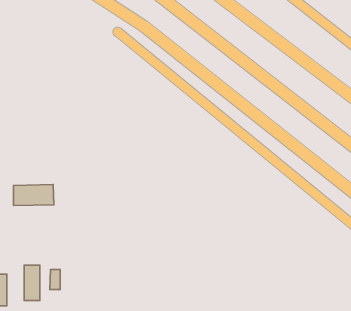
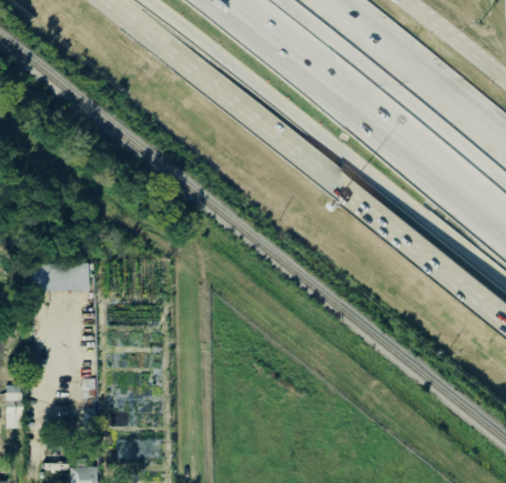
building: [24,265,40,300] -> none

